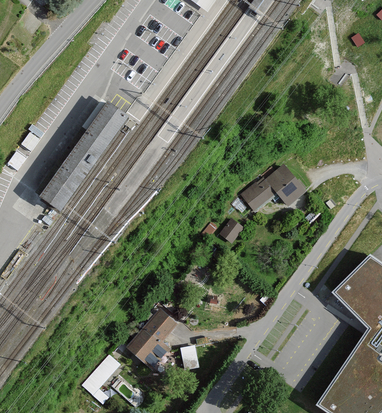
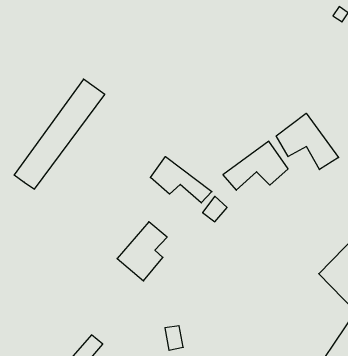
building: none -> [276,113,339,170]
building: none -> [150,157,212,203]
building: [127,310,176,368] -> [117,222,167,281]

